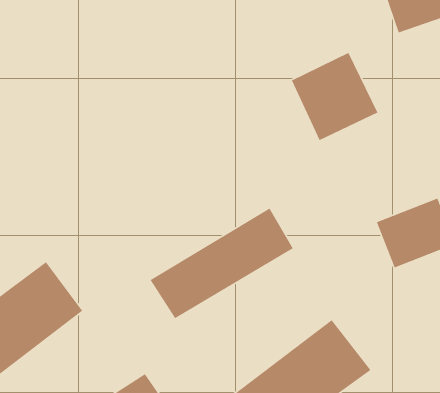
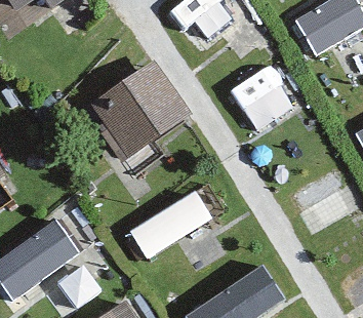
building: none -> [89,58,195,162]

